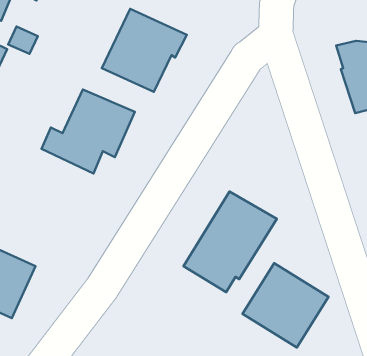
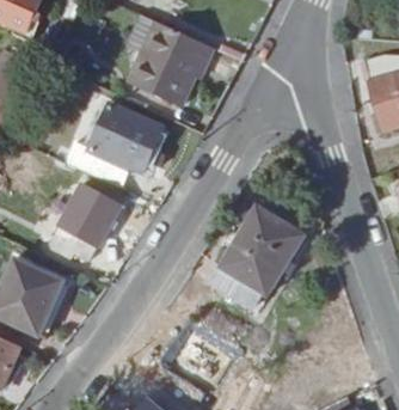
building: none -> [48,184,121,267]
building: [243,263,328,347] -> none

